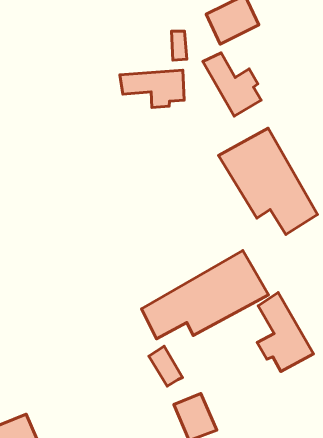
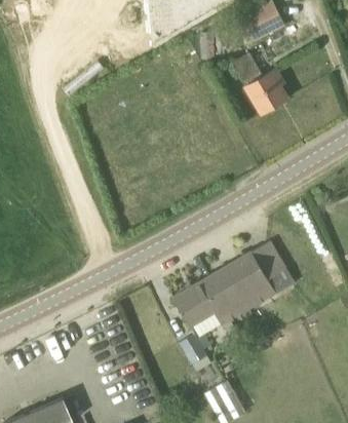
building: [120,70,184,108] -> none
building: [219,128,317,234] -> none
building: [257,292,313,371] -> none

